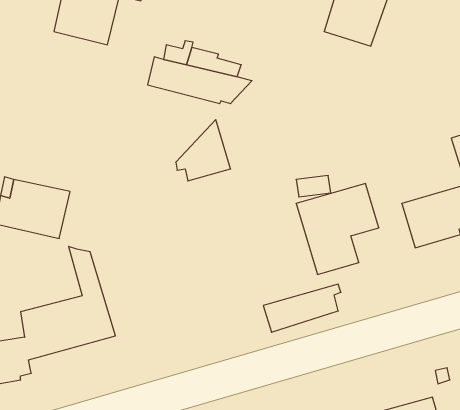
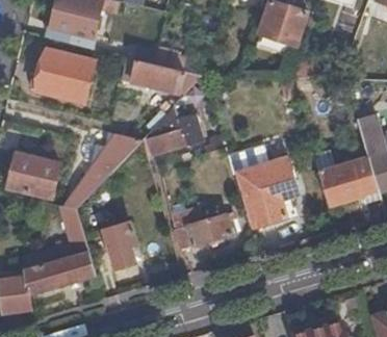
building: none -> [37,47,95,101]
building: none -> [66,132,140,208]
building: none -> [103,221,135,265]
building: [263,284,341,332] -> [174,211,234,249]

